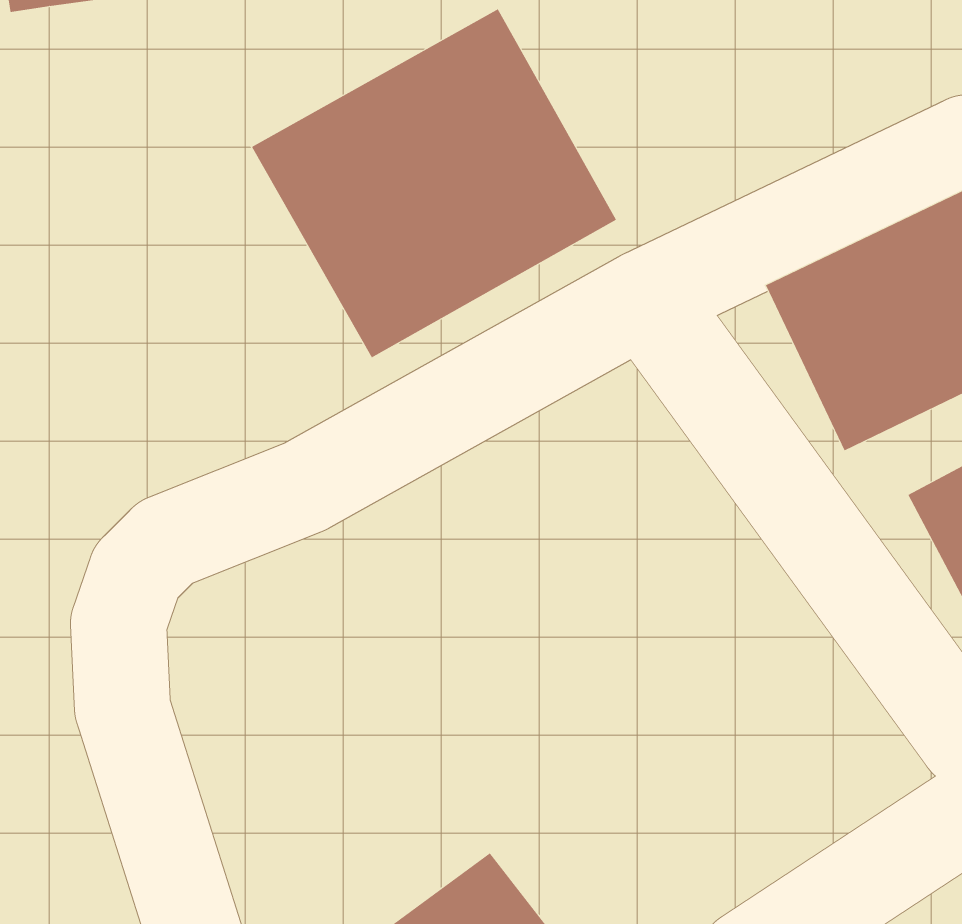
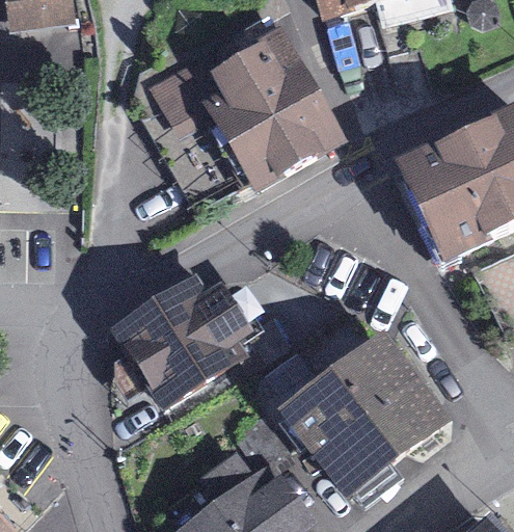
building: none -> [124,275,246,393]
building: none -> [294,337,440,479]

